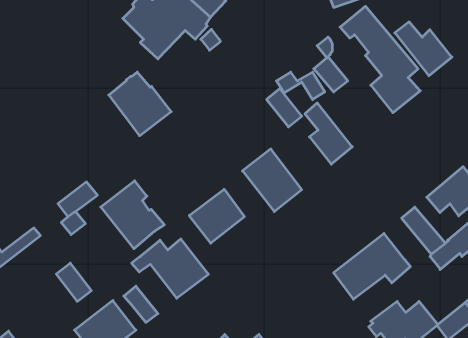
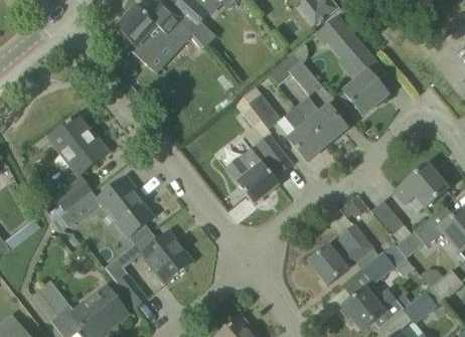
building: [395,22,452,76] -> [294,96,346,145]
building: [109,72,171,136] -> [49,116,107,174]
building: none -> [256,134,292,173]
building: [189,189,244,243] -> none
building: none -> [361,245,406,284]
building: [56,263,91,301] -> [37,280,69,315]

